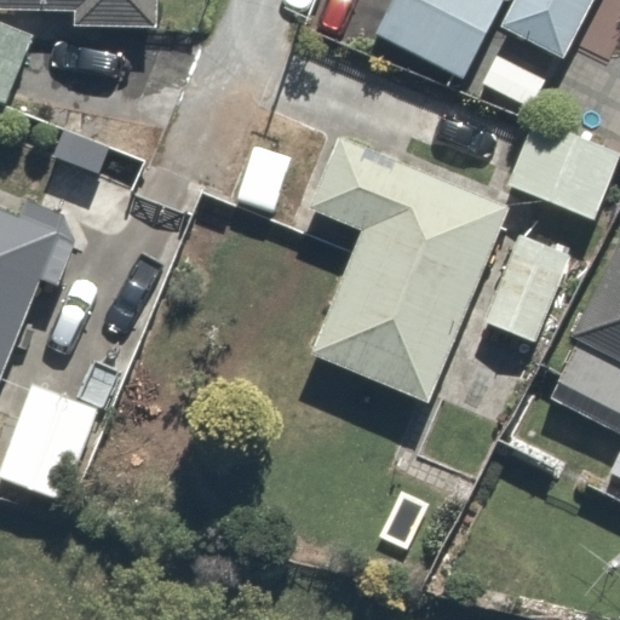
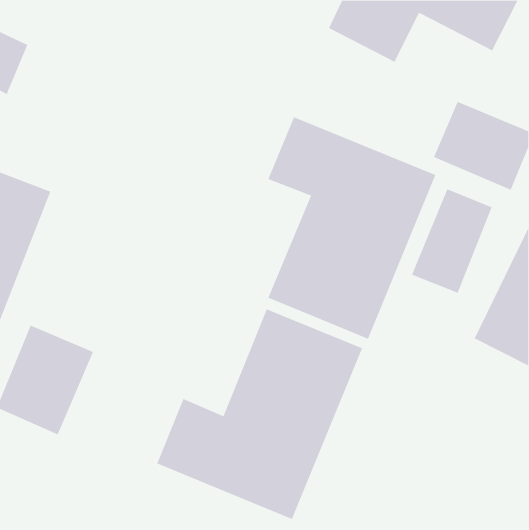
building: none -> [156,308,363,520]

